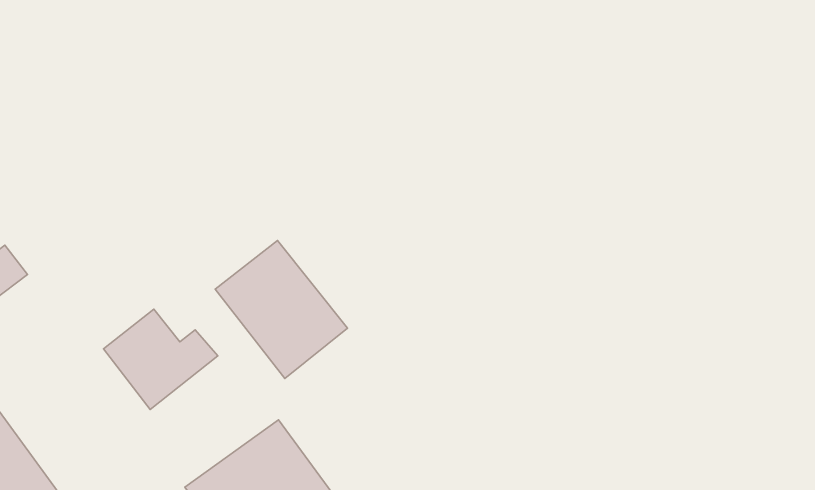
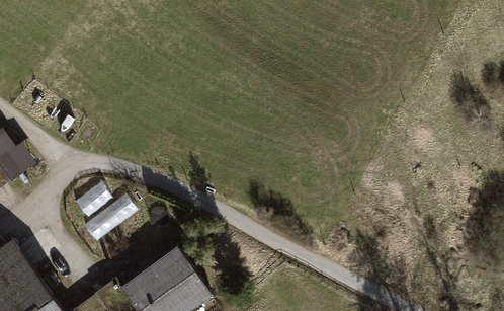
building: [215,241,347,378] -> none

